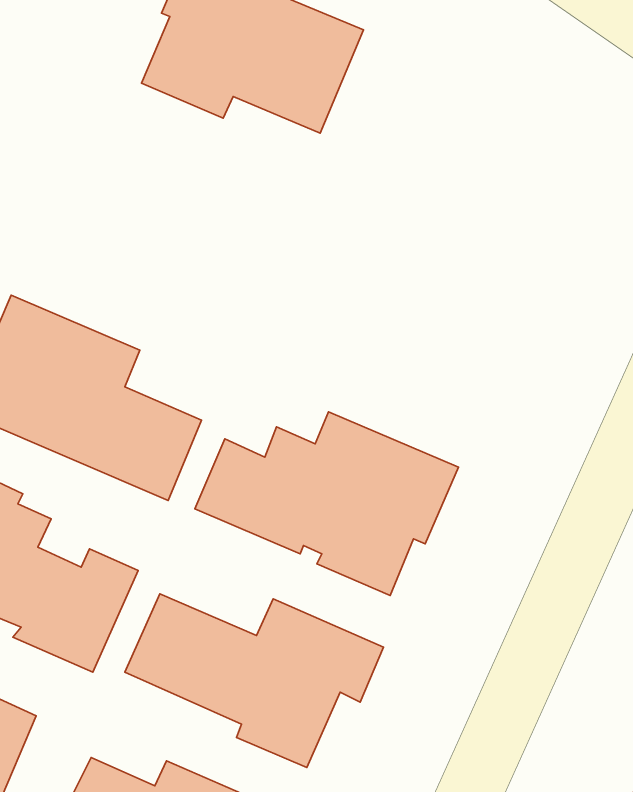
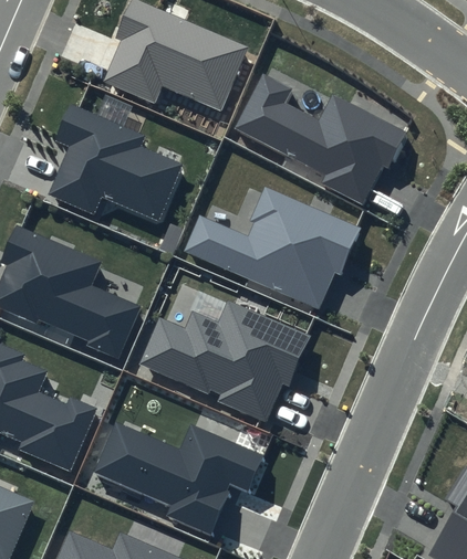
building: none -> [234,74,404,207]
building: none -> [48,104,185,219]
building: none -> [184,187,364,308]

